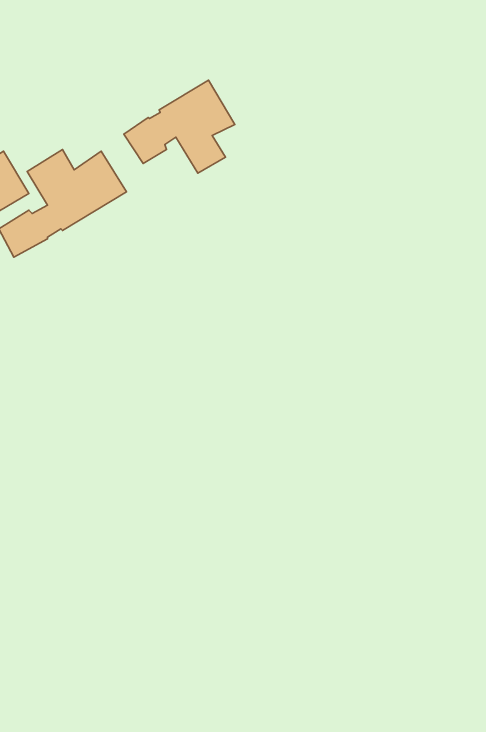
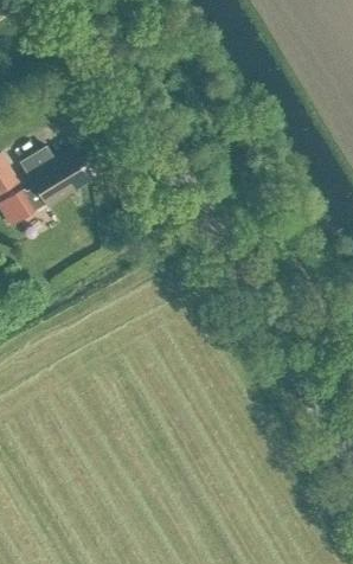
building: [124,80,235,173] -> none

